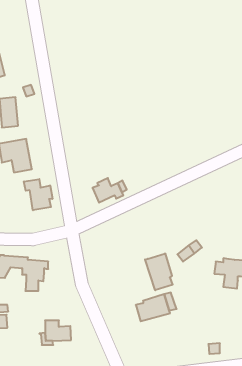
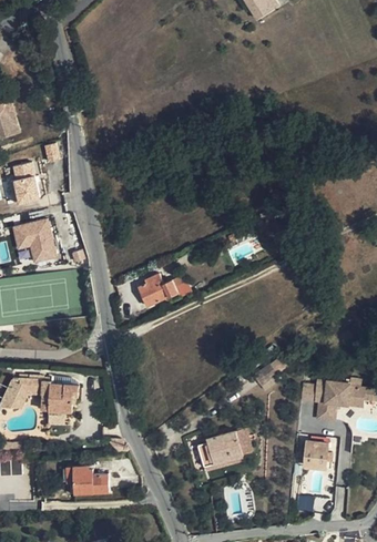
building: [24,179,52,210] -> none
building: [145,253,173,290] -> none
building: none -> [304,441,328,468]

